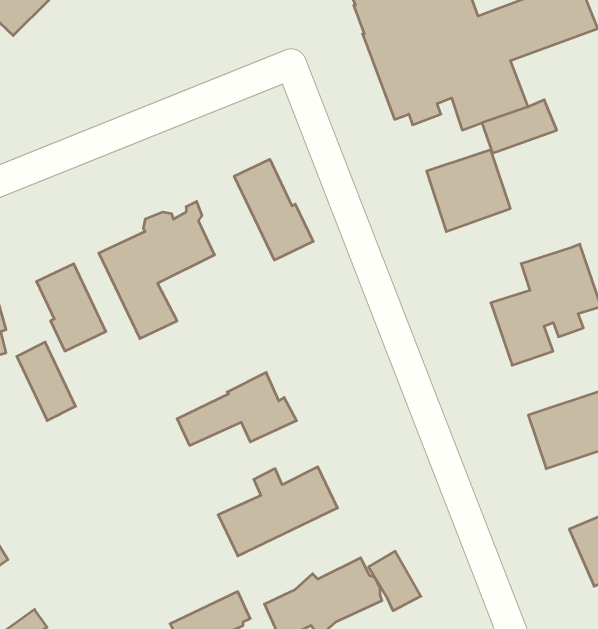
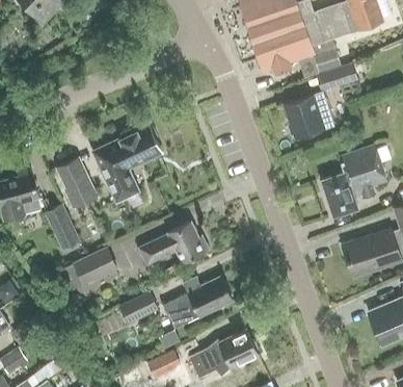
building: [234,159,313,260] -> none
building: none -> [60,247,115,289]
building: none -> [117,289,158,322]
building: [369,551,421,611] -> none

